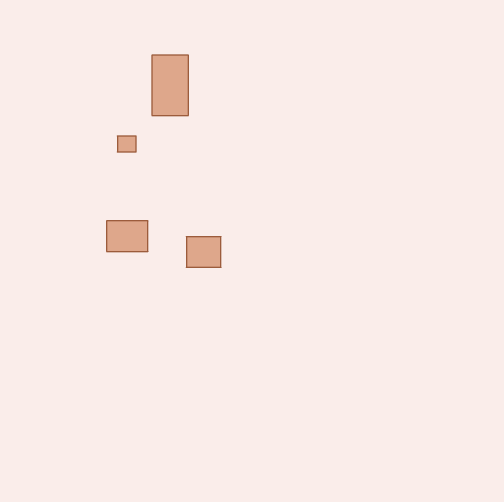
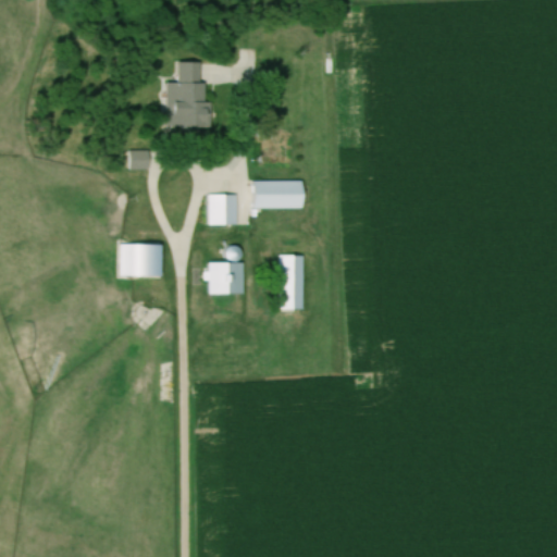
building: none -> [255,180,304,208]
building: none -> [207,194,237,224]
building: none -> [278,255,304,309]

